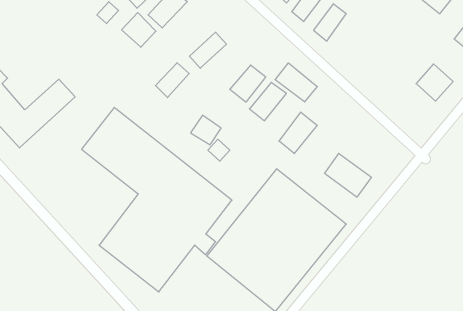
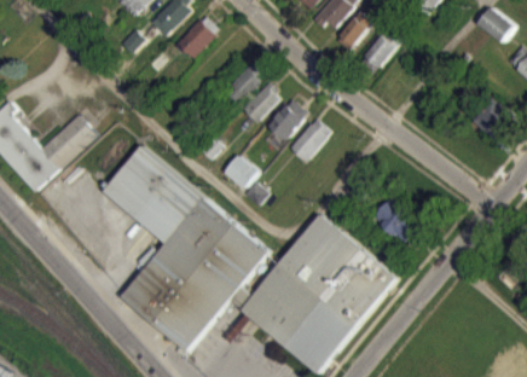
building: [122,13,156,47] -> none
building: [155,63,189,98] -> [243,83,280,122]
building: [275,63,317,102] -> none
building: [279,112,317,154] -> none

